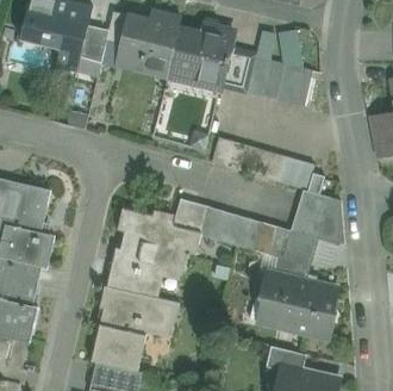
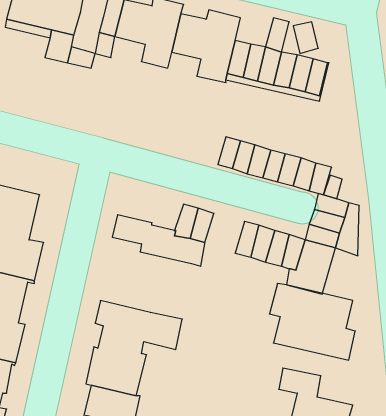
building: [80,26,108,63] -> none
building: [200,207,236,243] -> none
building: [106,229,188,297] -> none

